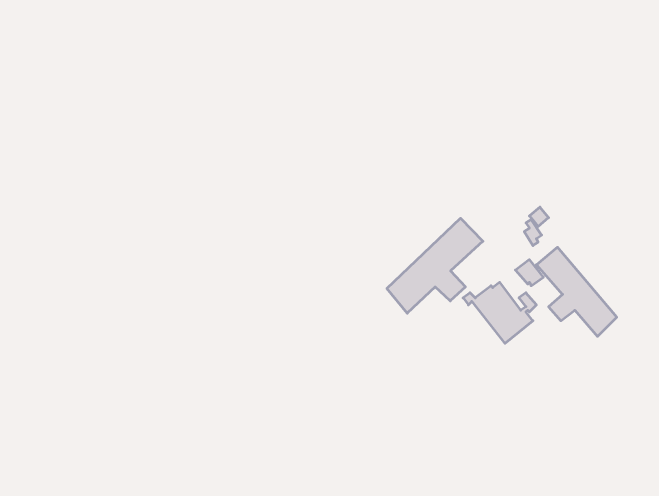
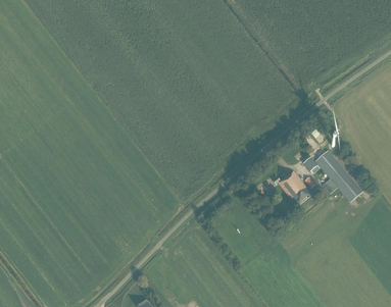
building: [387,218,483,313] -> none

